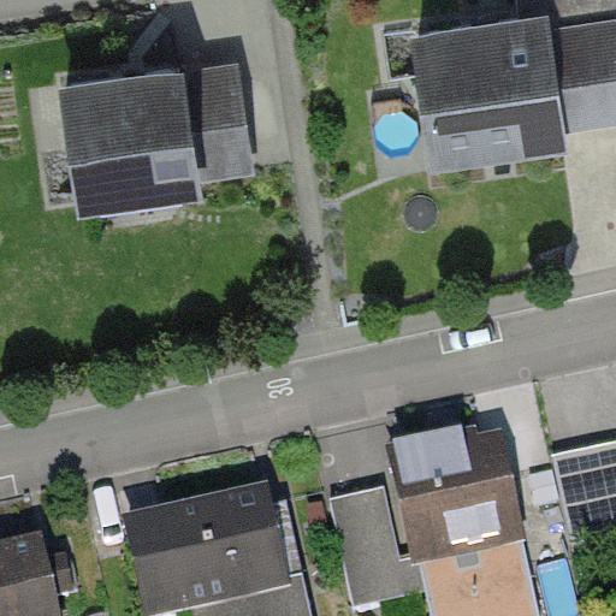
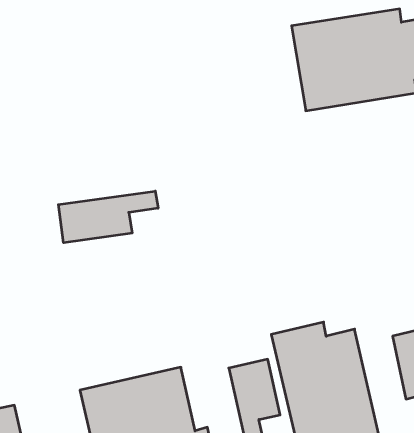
building: [71,59,253,194] -> none
building: none -> [58,191,158,243]

